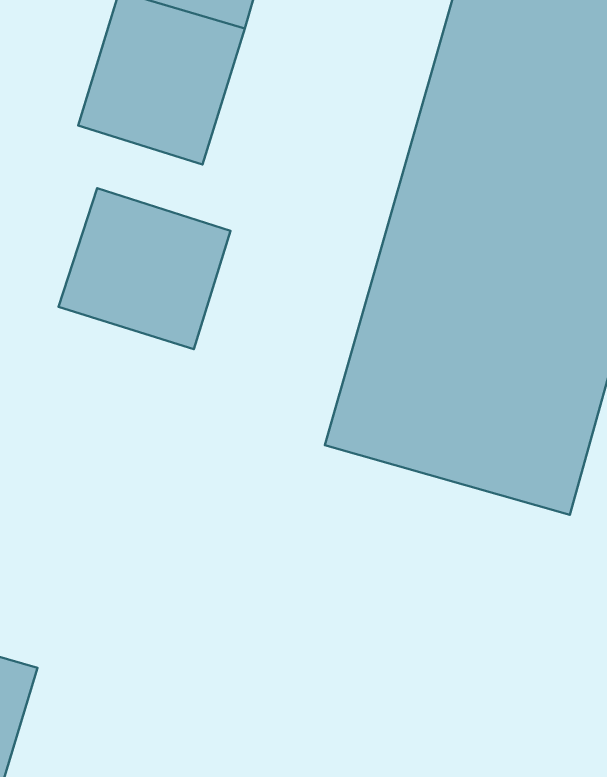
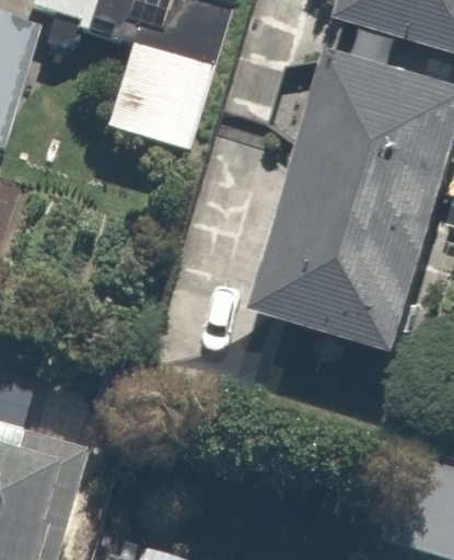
building: [58,188,230,349] -> none

